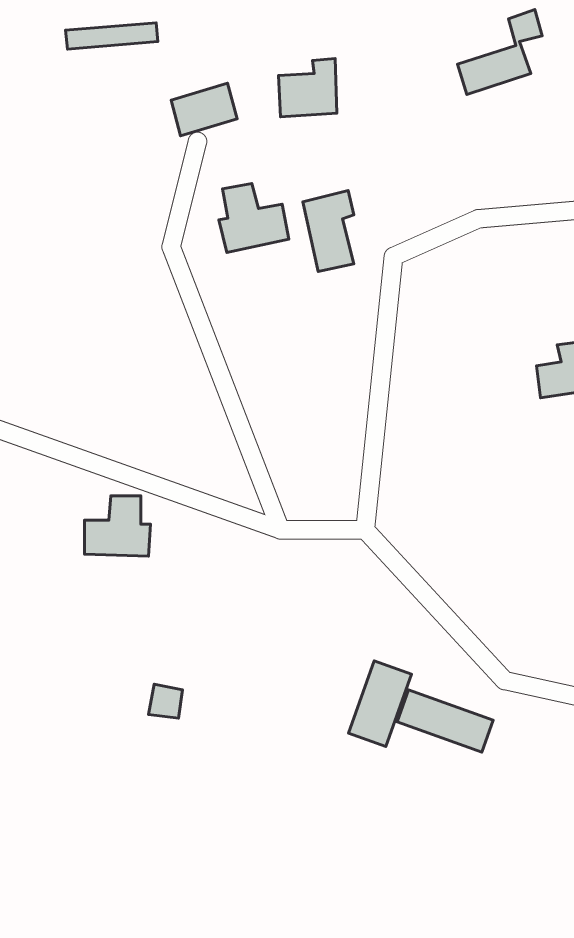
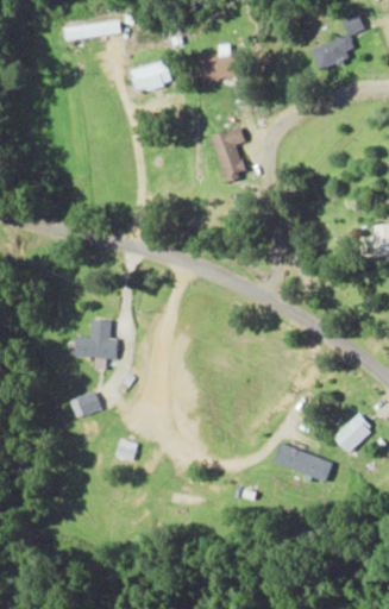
building: [219,183,289,253] -> none
building: none -> [69,391,101,419]
building: none -> [334,413,375,453]
building: [349,661,412,746] -> none

